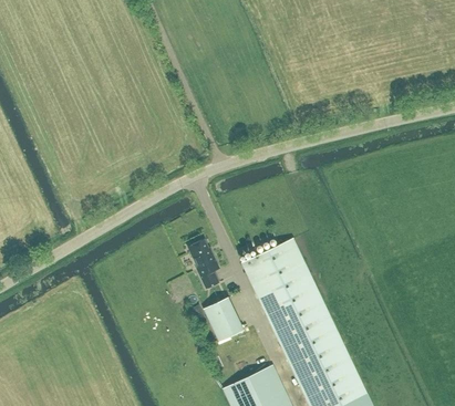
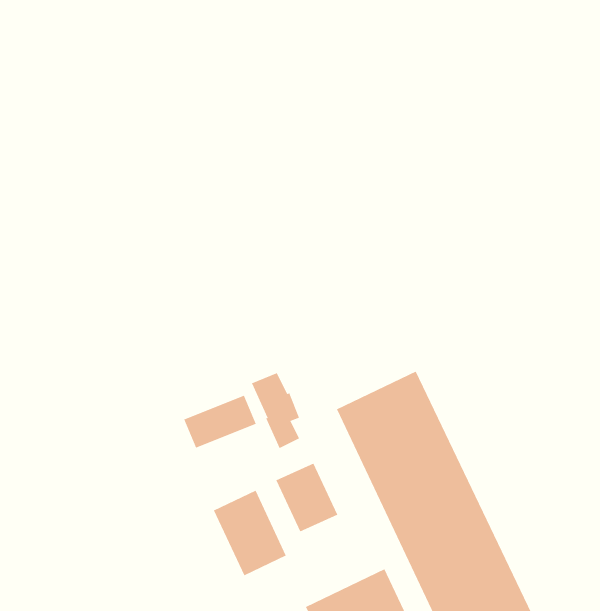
building: none -> [183,395,256,448]
building: none -> [213,490,287,576]

